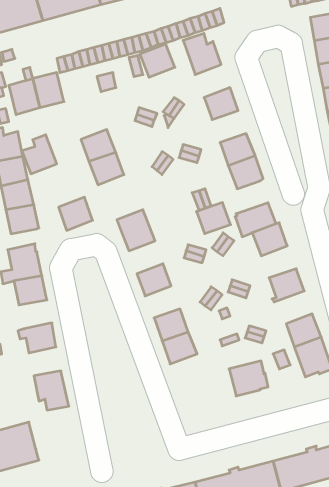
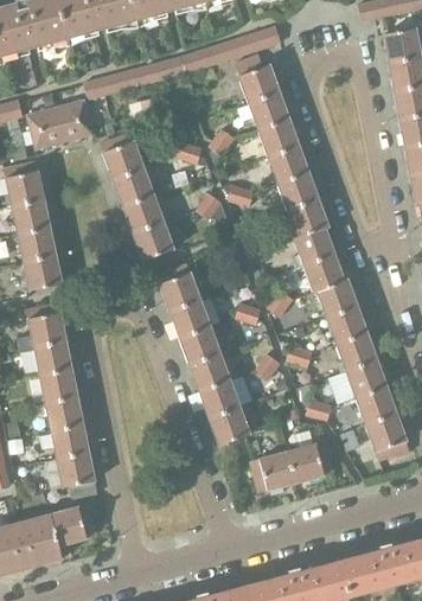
building: [140,44,175,77] -> [248,90,289,129]
building: none -> [268,145,308,183]
building: [22,135,57,174] -> [102,133,143,179]
building: [59,197,93,230] -> [133,220,173,260]
building: [196,203,231,234] -> [294,228,334,264]
building: none -> [170,299,210,338]
building: none -> [326,305,367,343]
building: none -> [188,352,230,390]
building: none -> [341,358,386,397]
building: none -> [39,369,78,403]
building: none -> [51,424,89,459]
building: none -> [250,450,296,490]
building: none -> [51,504,92,545]

